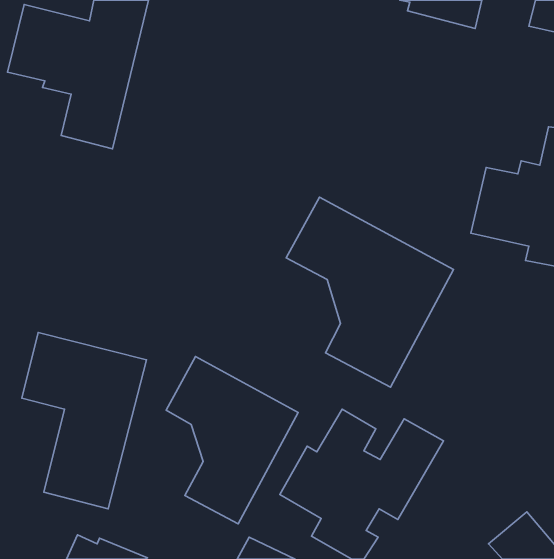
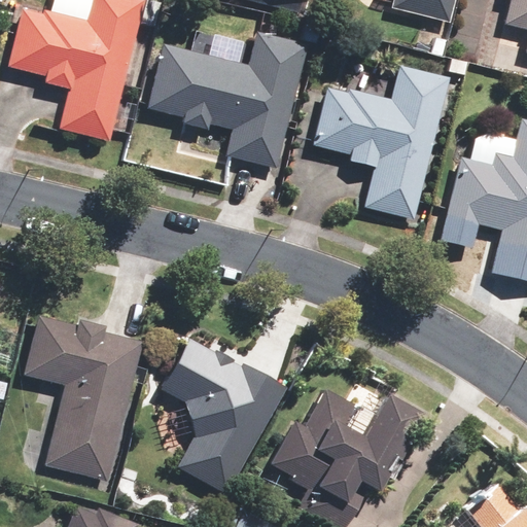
building: none -> [147,31,309,169]
building: none -> [313,67,449,216]
building: [286,197,454,387] -> none

